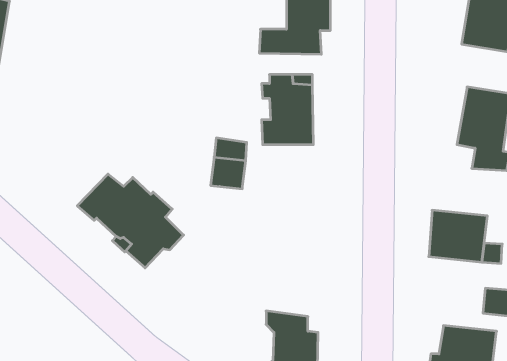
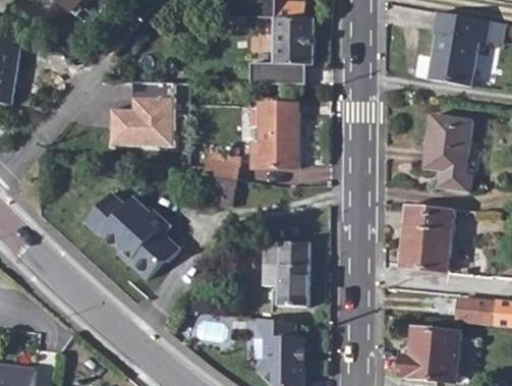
building: none -> [112,81,174,145]
building: none -> [404,206,457,231]
building: none -> [262,237,309,304]

